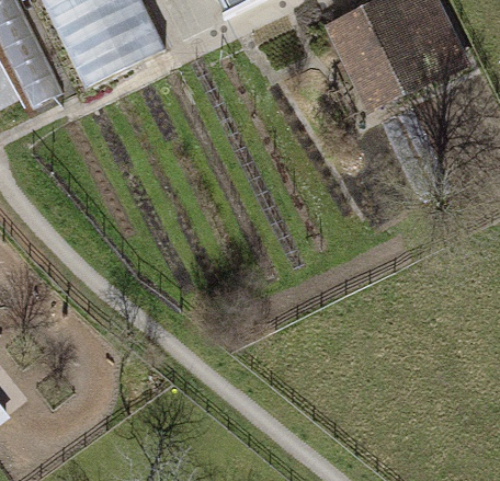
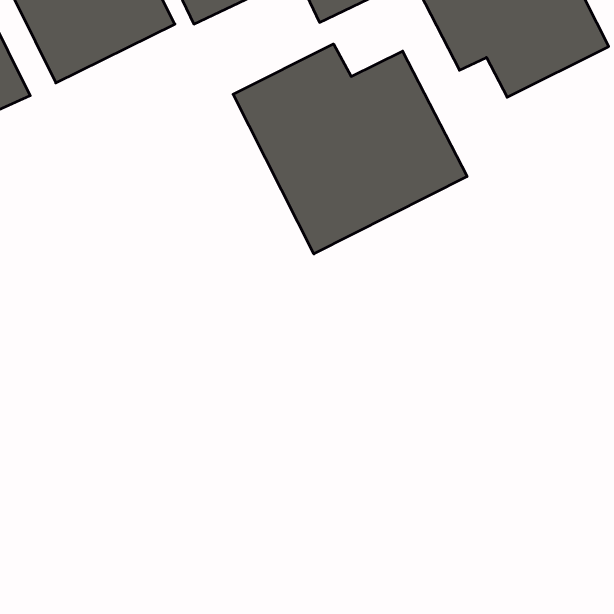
building: none -> [233,44,467,254]

